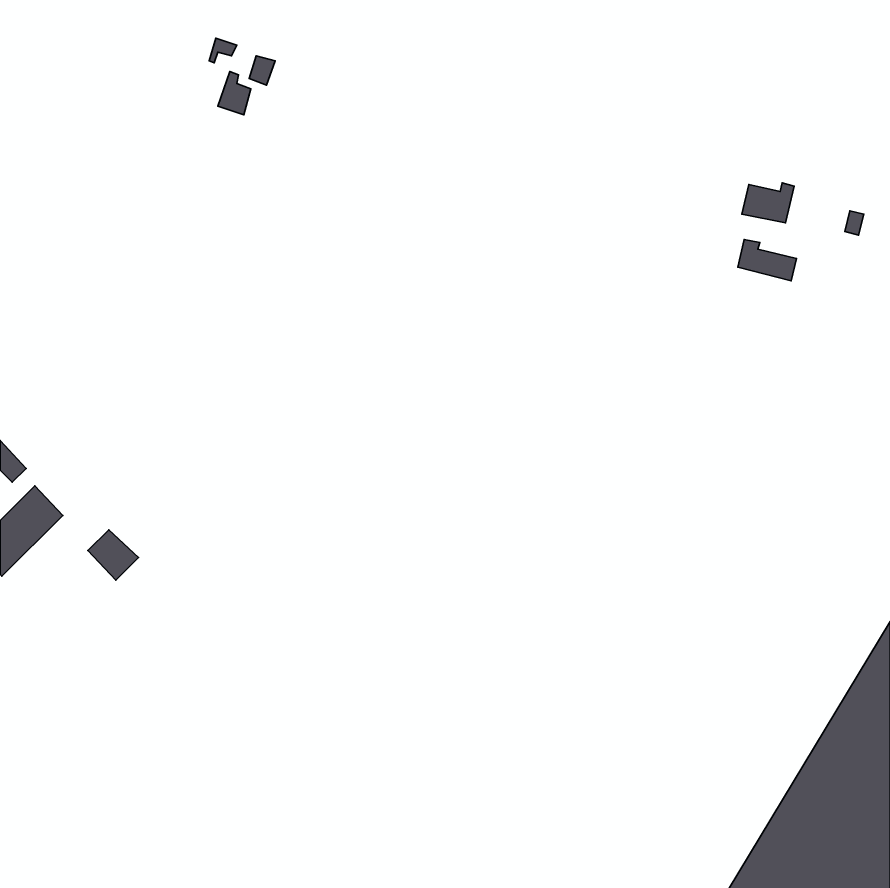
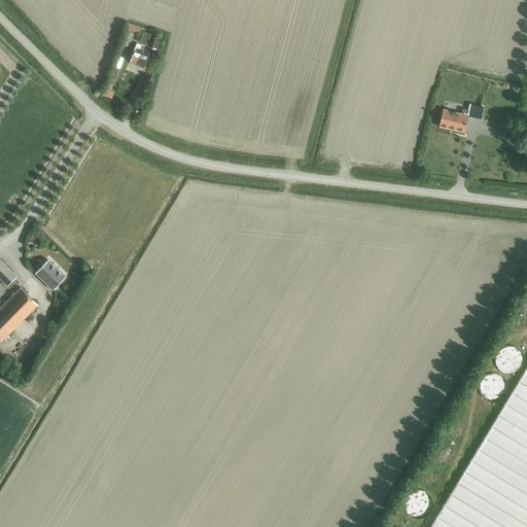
building: [738,239,797,281] -> none
building: [88,530,138,580] -> [35,261,65,291]

